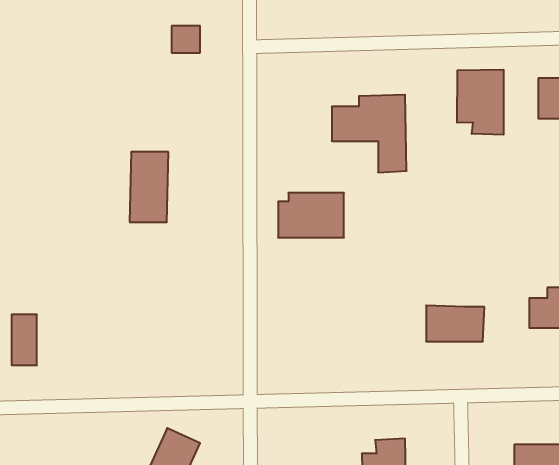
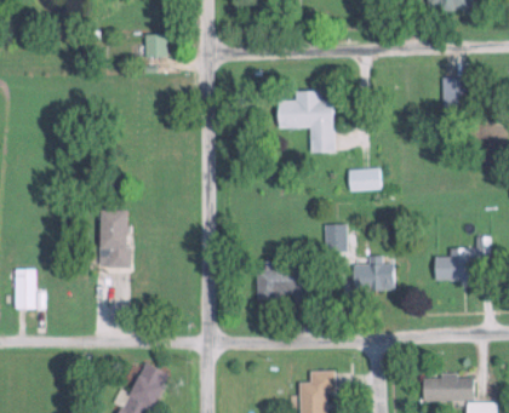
building: [457,70,504,135] -> none
building: [130,152,168,222] -> [98,211,130,268]
building: none -> [349,168,383,190]
building: [278,193,344,238] -> [258,262,311,298]
building: none -> [326,223,350,253]

